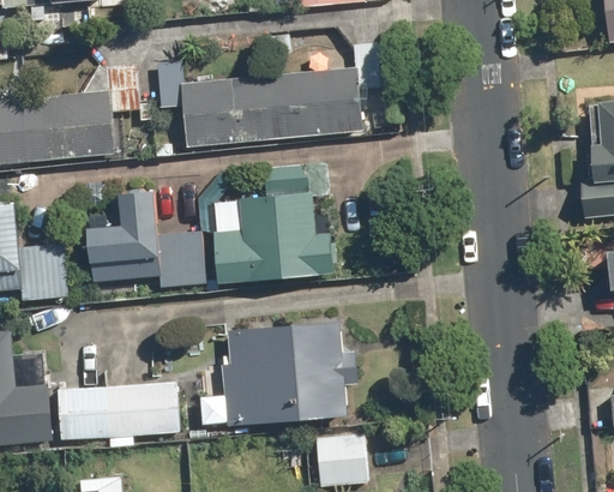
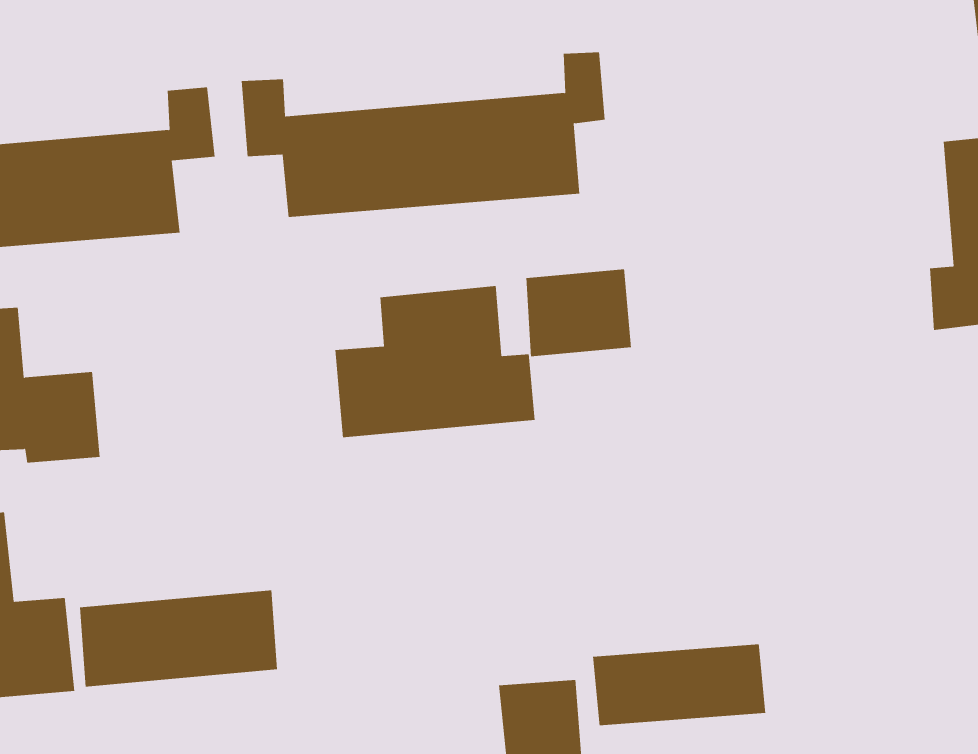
building: none -> [526,269,632,357]
building: [86,190,206,287] -> none
building: [221,320,357,425] -> none
building: none -> [593,644,766,726]

